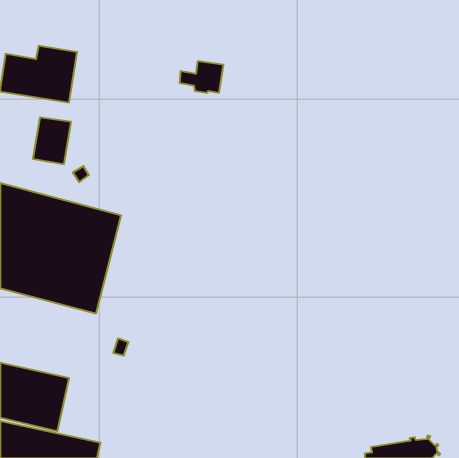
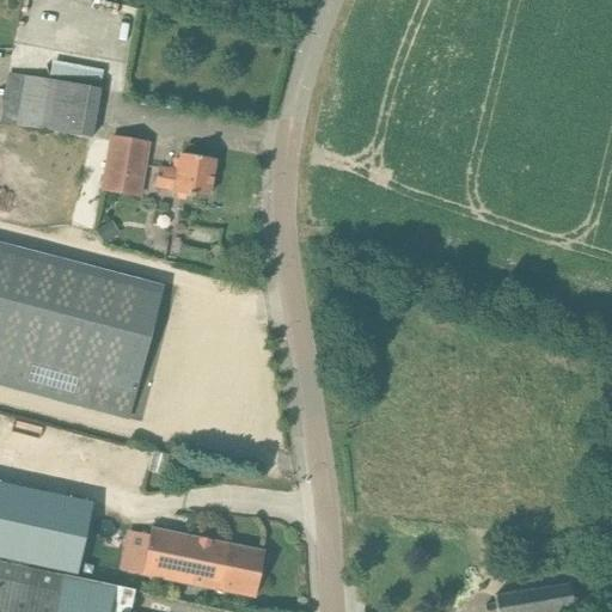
building: [180,61,224,93] -> [157,154,215,196]
building: [33,117,71,164] -> [99,135,151,197]
building: none -> [112,524,263,598]

